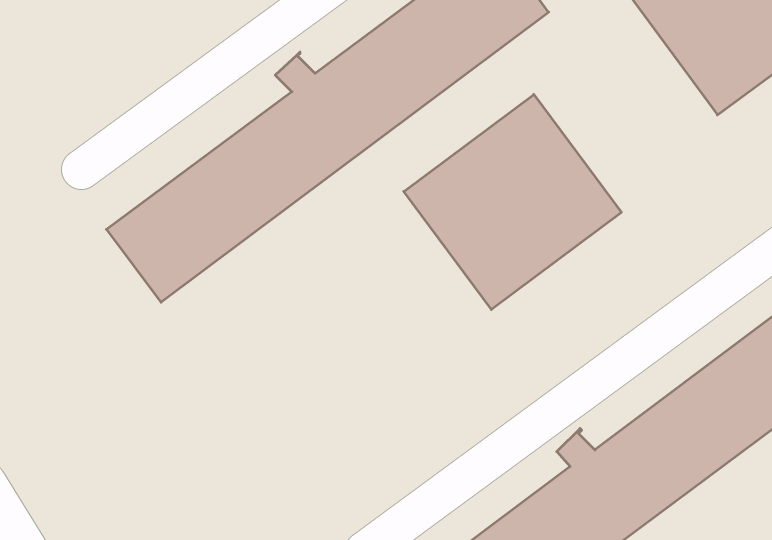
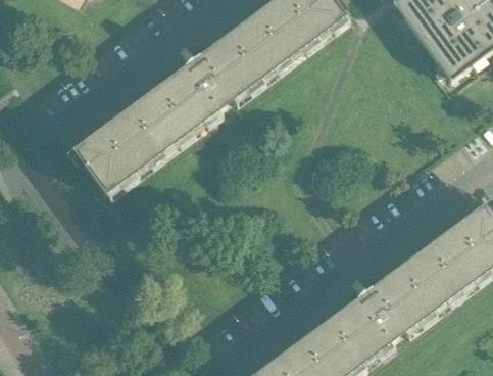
building: [404,94,621,310] -> none

